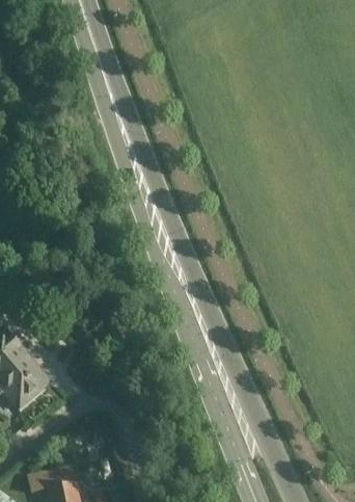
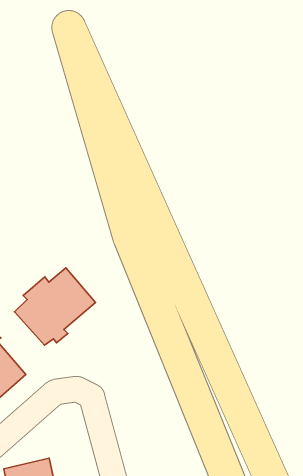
building: none -> [15,268,96,345]

